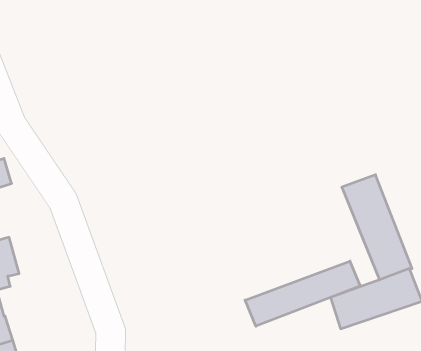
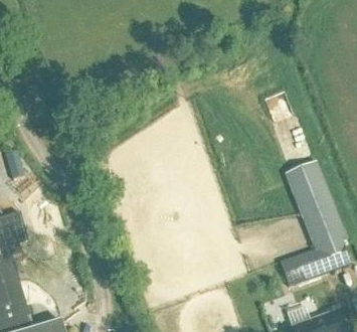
building: [245,261,361,326] -> none

